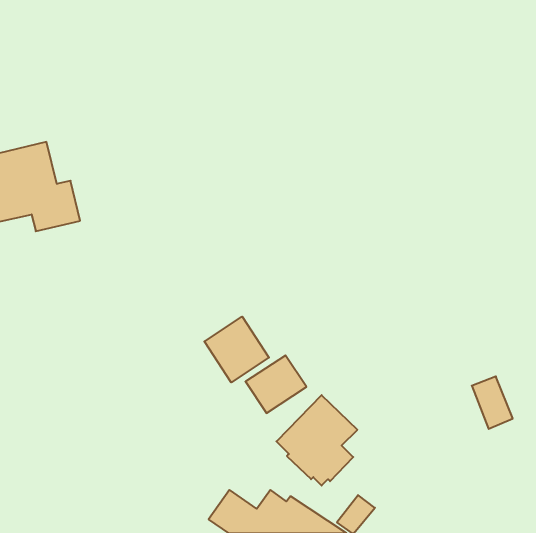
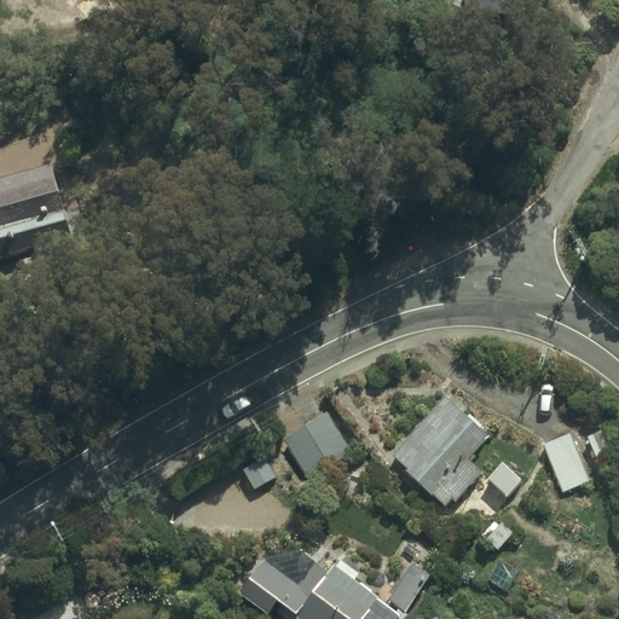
building: [204,317,269,382] -> none
building: [276,395,357,486] -> [393,394,486,498]

